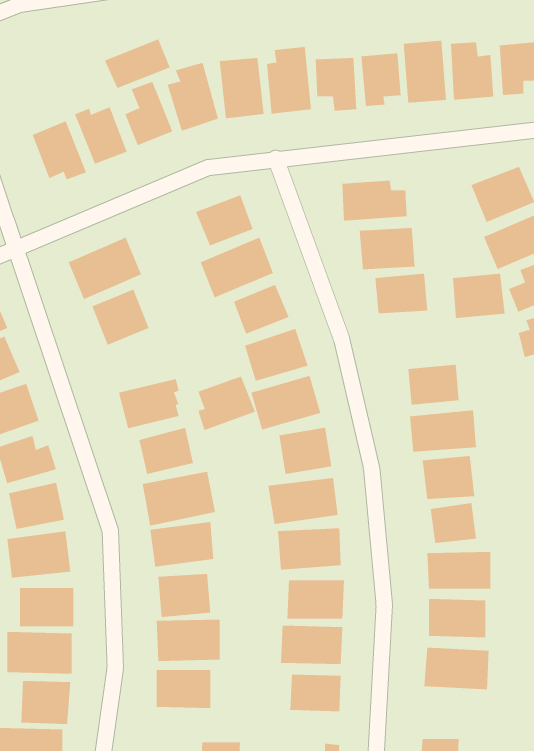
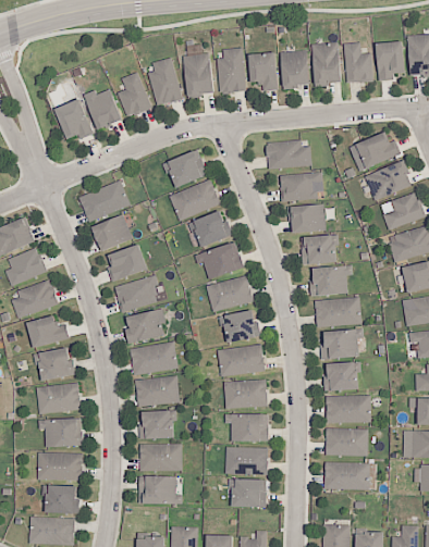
building: [104,38,170,89] -> none
building: [452,273,506,319] -> [303,234,340,265]
building: [198,376,256,431] -> [107,244,147,282]

